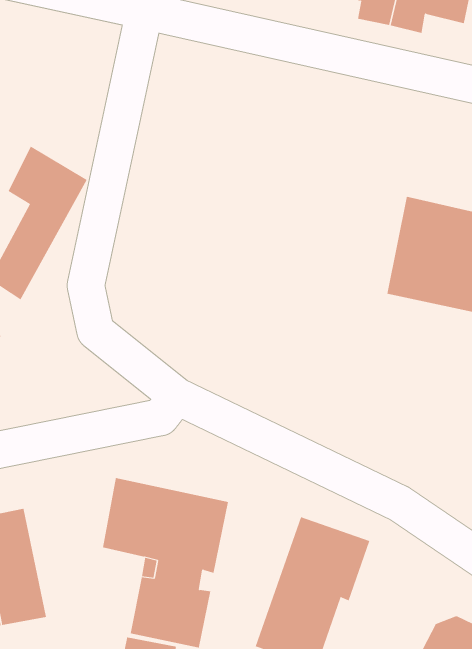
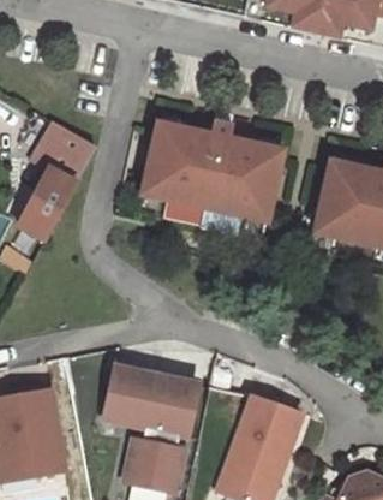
building: none -> [143,120,283,220]

